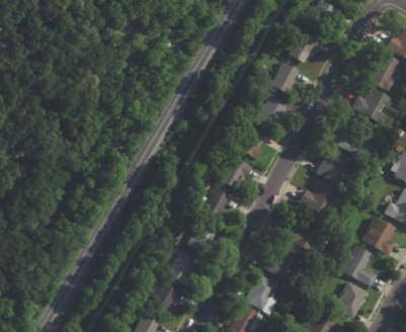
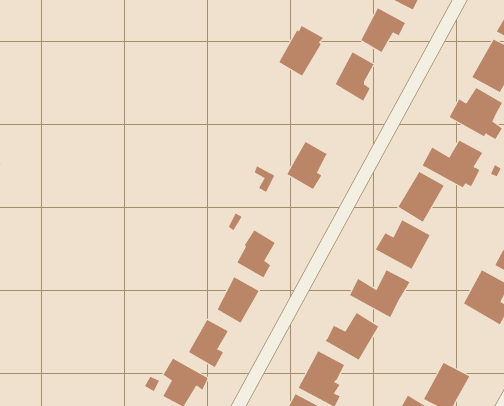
building: [257,92,290,129] -> [278,25,324,76]
building: [219,156,252,189] -> none
building: [341,246,377,286] -> none

